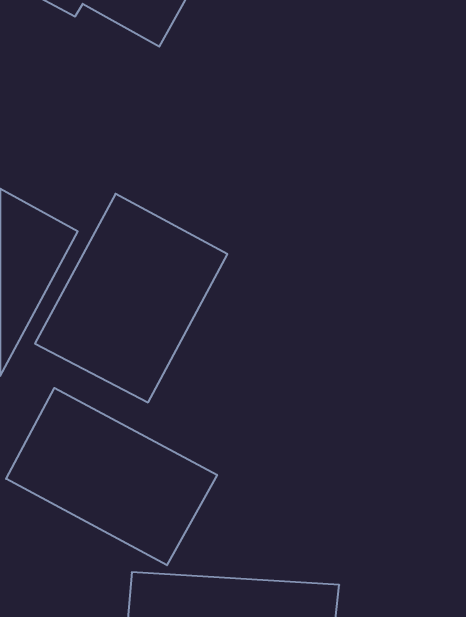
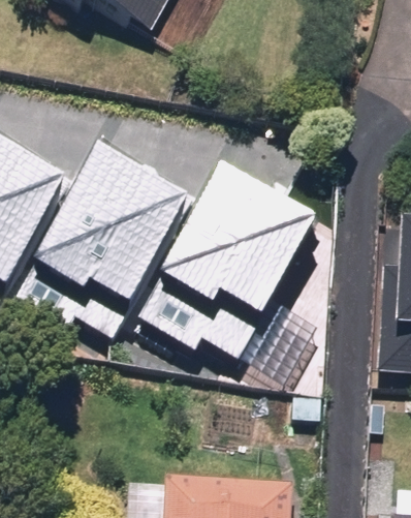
building: none -> [152,181,310,353]
building: [6,388,217,565] -> none

